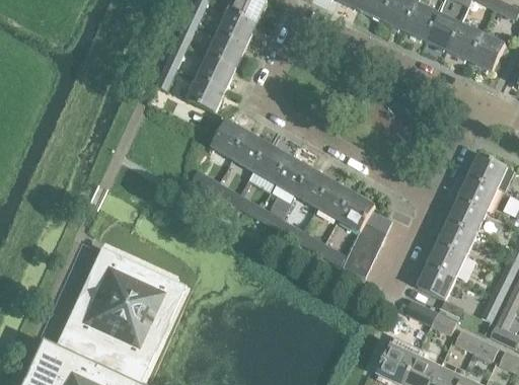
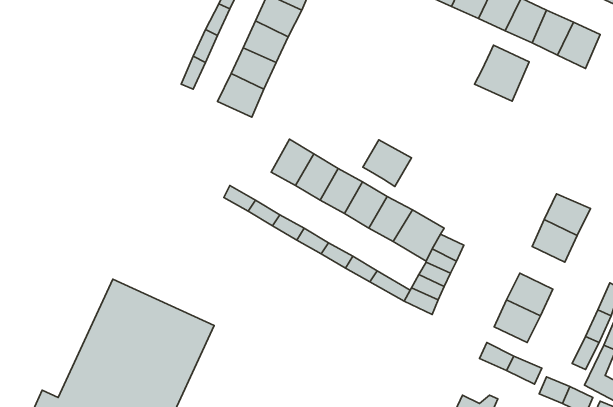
building: none -> [475,45,529,101]
building: [211,120,246,158] -> none
building: none -> [363,140,411,187]
building: [468,153,507,188] -> none
building: [438,220,475,255] -> none

